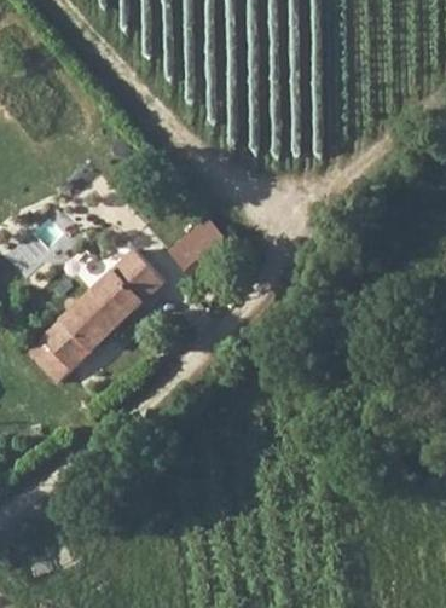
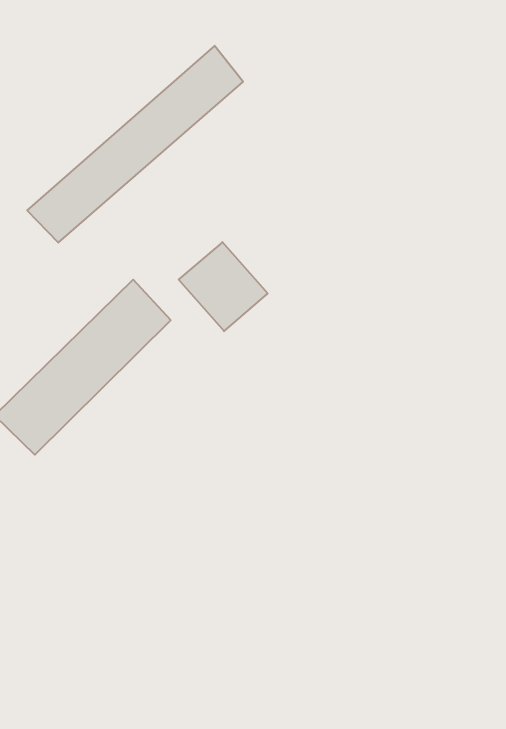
building: none -> [27,46,243,243]

